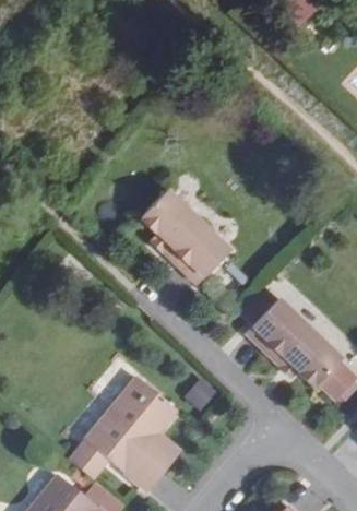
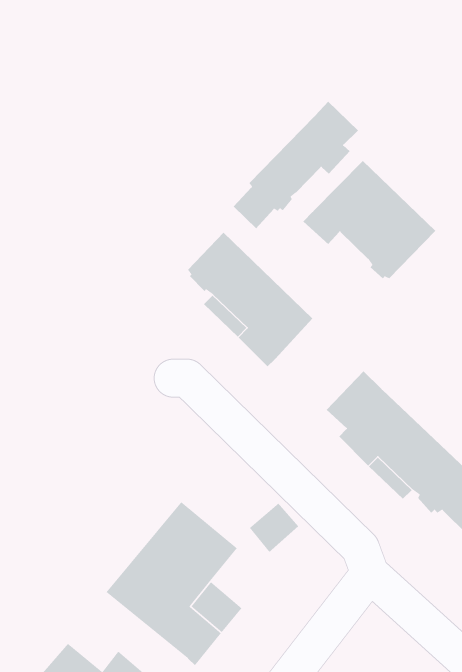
building: none -> [233,101,359,229]
building: none -> [303,160,436,279]

